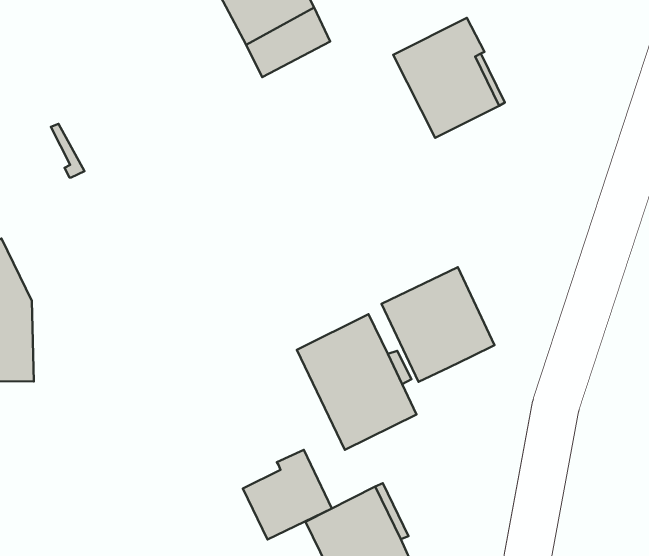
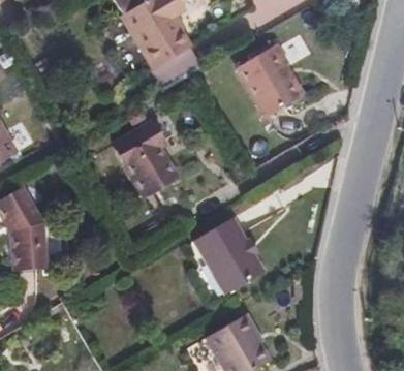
building: none -> [114,121,178,195]
building: [382,267,494,382] -> none
building: [243,450,332,539] -> none

